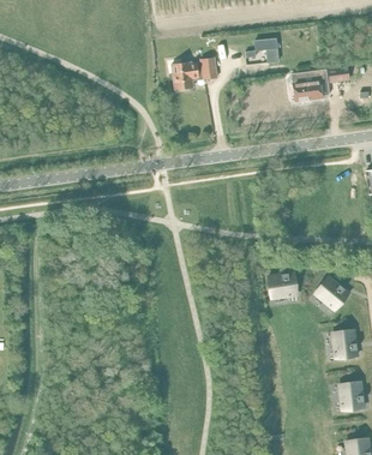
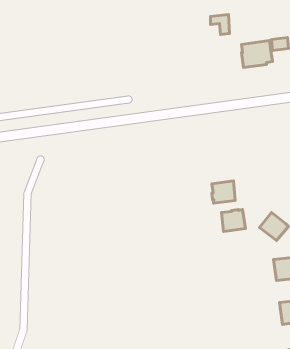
building: [172,58,217,90] -> none
building: none -> [212,181,235,203]

